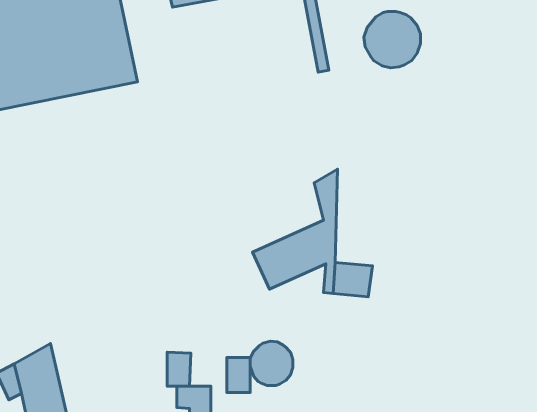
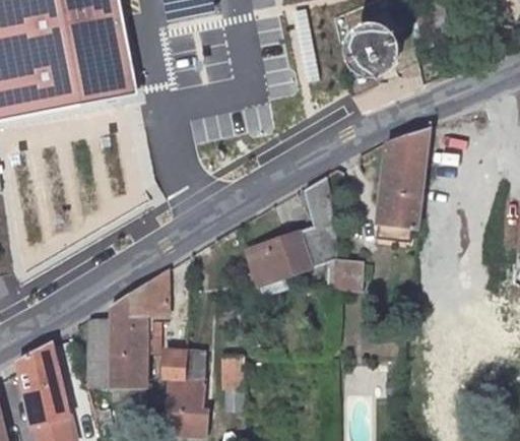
building: none -> [376,124,433,232]
building: none -> [92,267,171,389]
building: [250,341,293,386] -> none

